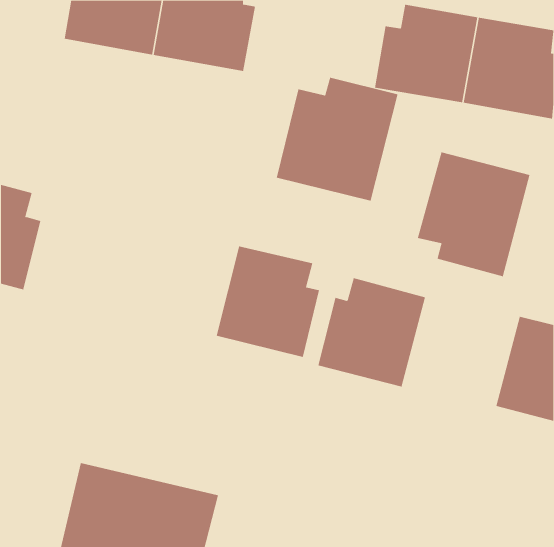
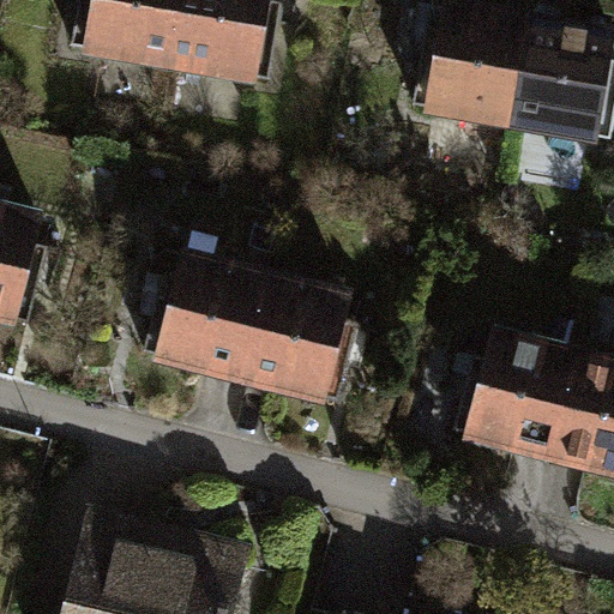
building: [276,77,398,201] -> none
building: [417,152,530,277] -> none
building: none -> [143,259,264,379]
building: [318,278,426,387] -> [455,336,574,457]

